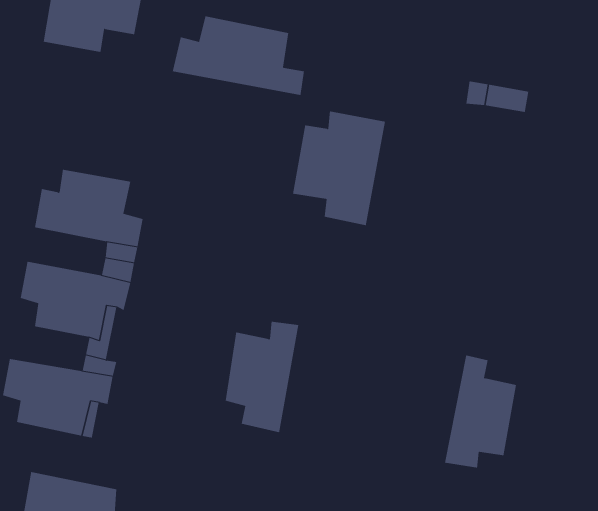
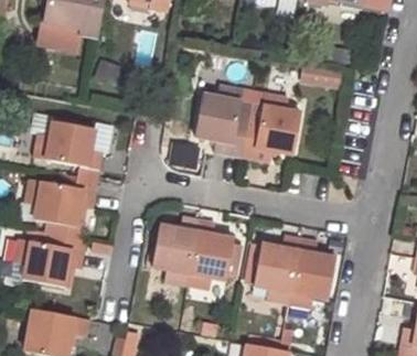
building: [172,15,305,96] -> none
building: none -> [242,91,301,162]
building: none -> [188,218,233,290]
building: none -> [254,234,303,304]

